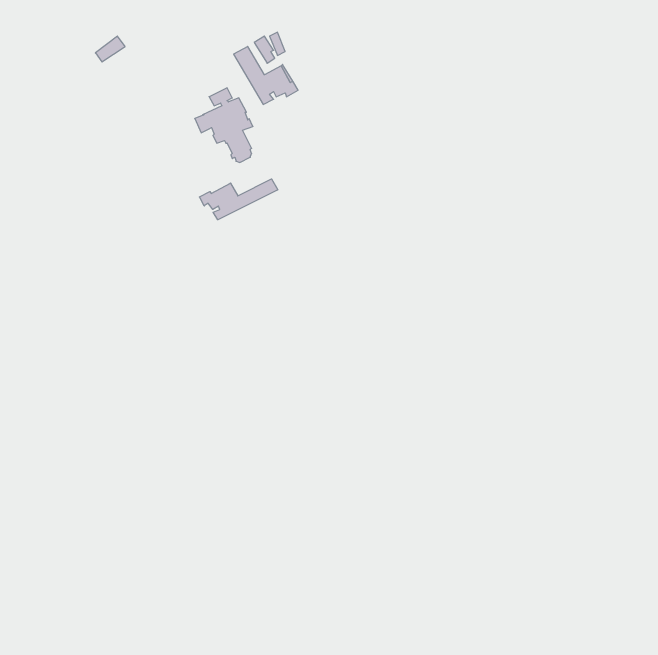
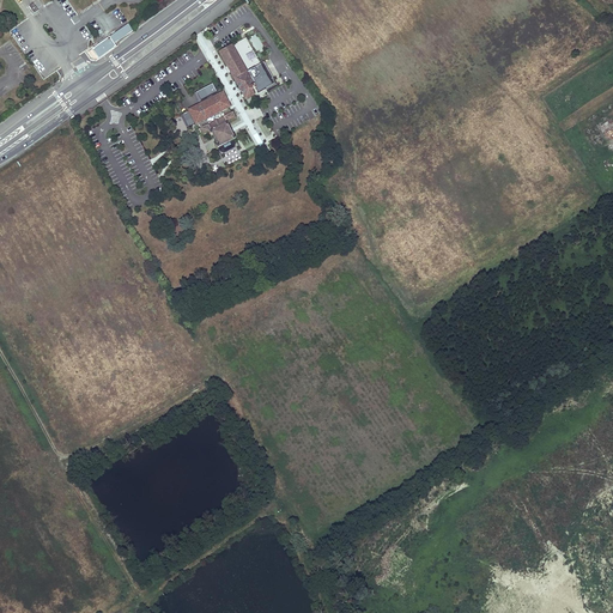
building: [199,179,278,220] -> none

